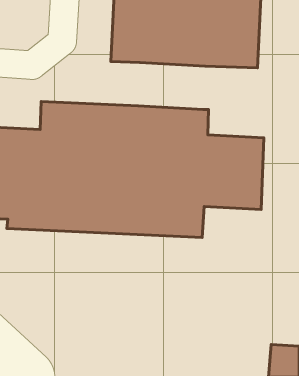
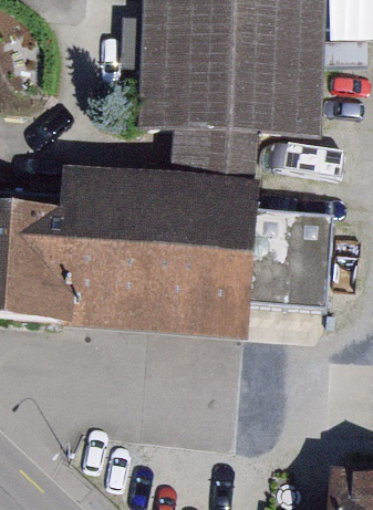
building: none -> [172,122,253,179]

